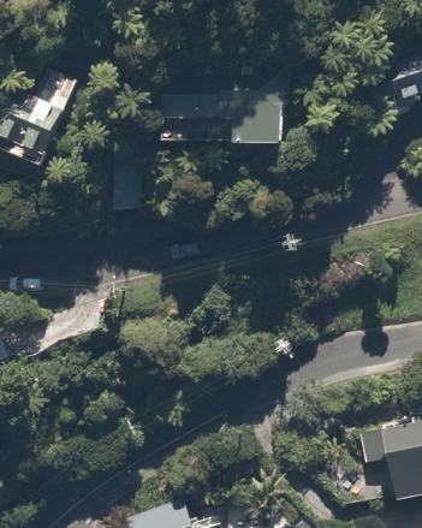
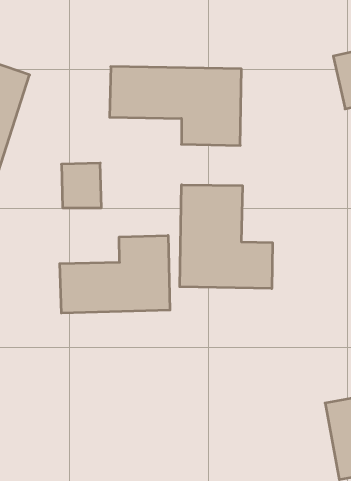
building: none -> [180,185,272,289]
building: none -> [60,235,170,313]

